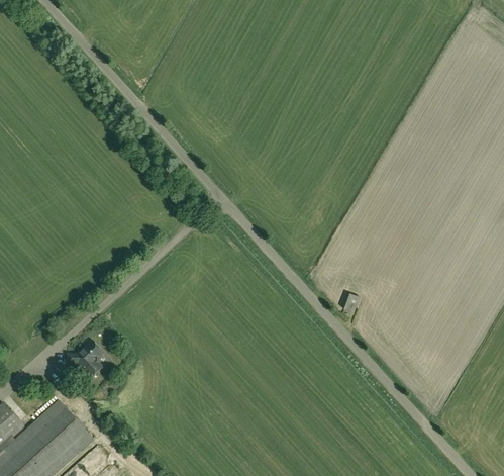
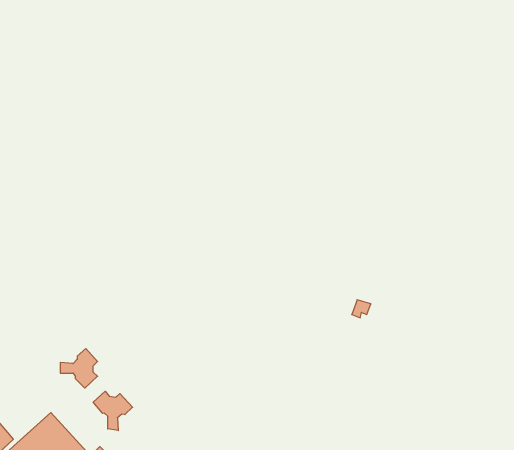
building: none -> [93,391,133,431]

